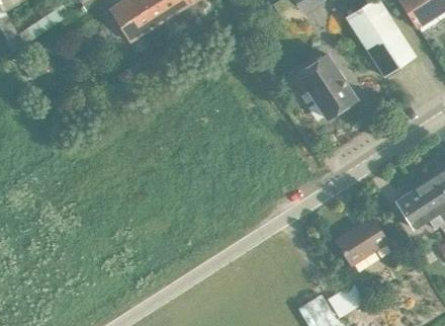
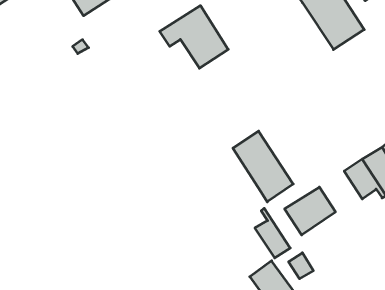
building: [285,54,355,117] -> [160,6,228,68]
building: none -> [233,131,293,202]
building: none -> [255,208,290,258]

